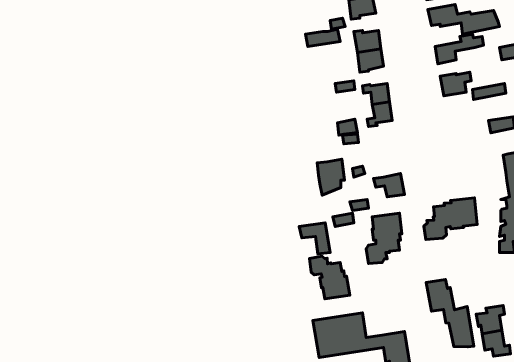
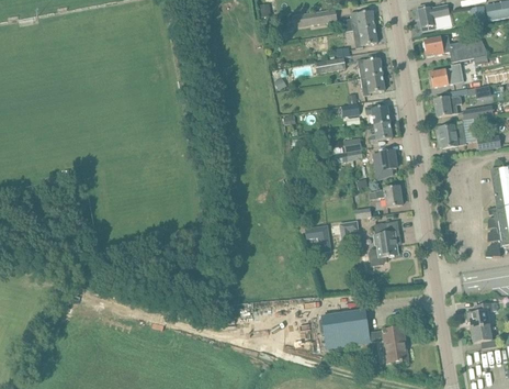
building: none -> [437,123,466,147]
building: [317,159,344,195] -> [372,148,396,180]
building: [424,198,477,239] -> none
building: [310,256,350,299] -> none
building: [426,280,474,347] -> none

